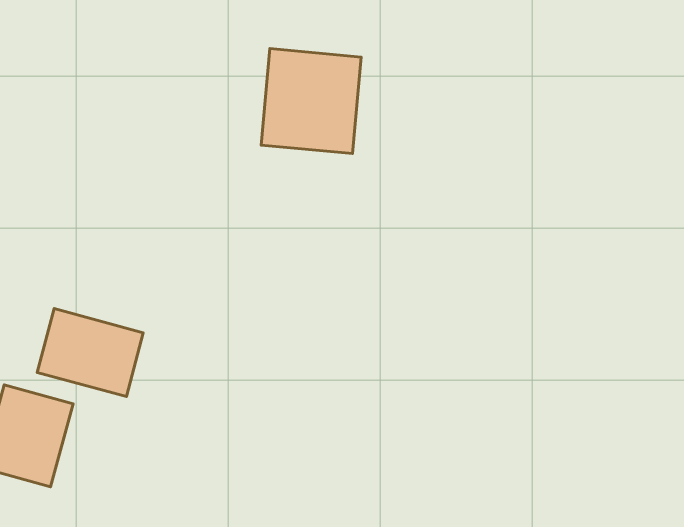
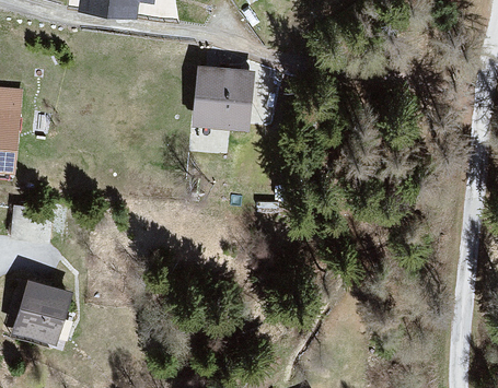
building: [37,309,143,397] -> none

